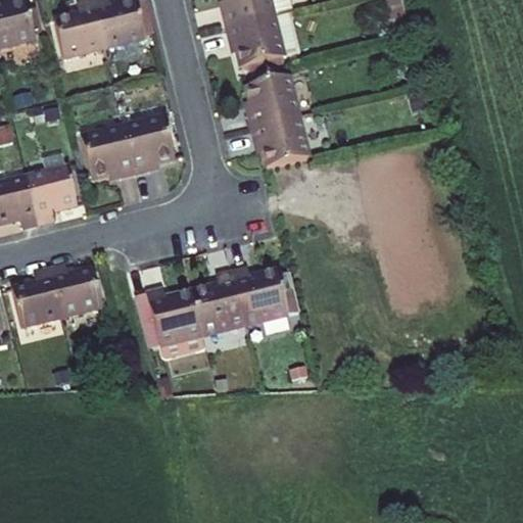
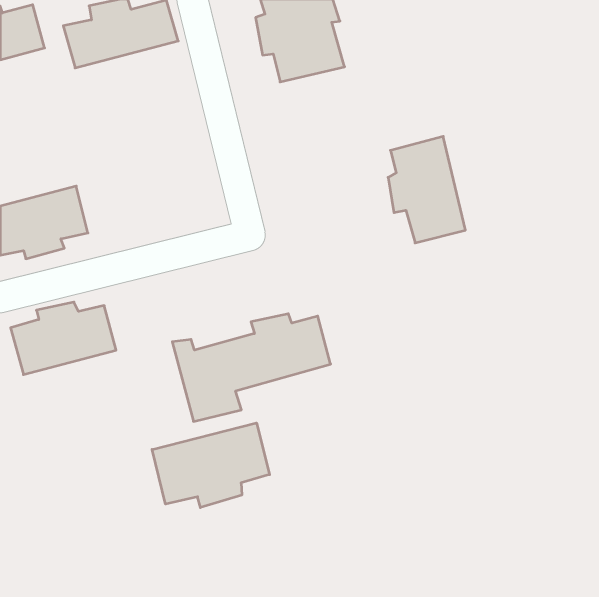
building: [239,83,306,176] -> [388,136,465,243]
building: [80,110,175,177] -> none
building: none -> [152,423,270,508]

